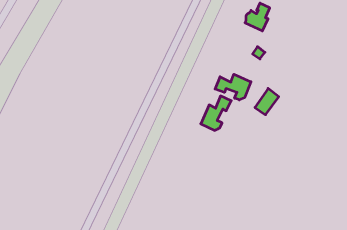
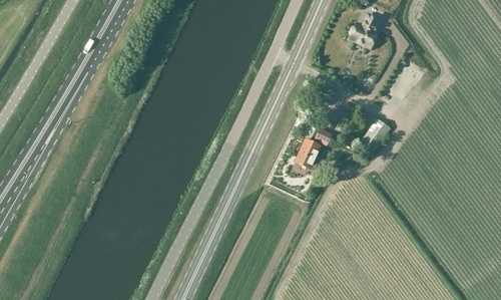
building: [215,74,251,100] -> none

